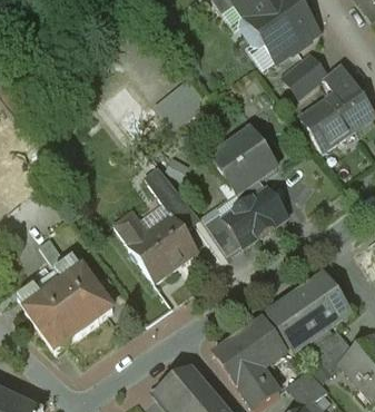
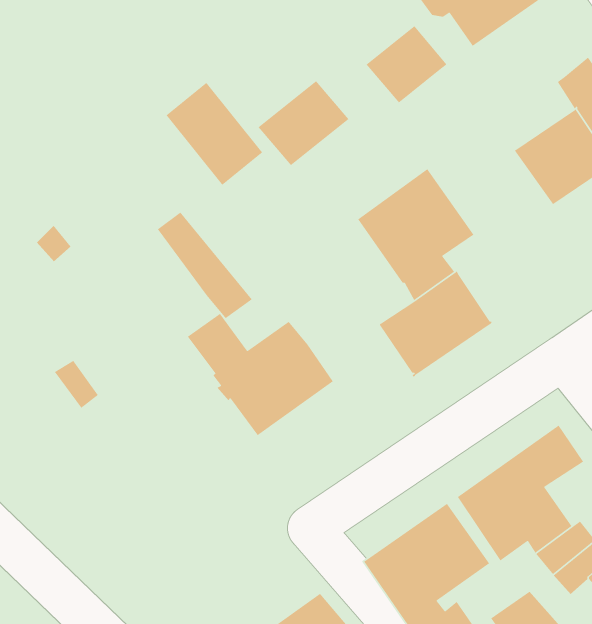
building: [282,53,328,98] -> [365,25,448,104]
building: [144,167,198,228] -> [157,211,253,319]
building: [204,210,241,255] -> none
building: [17,255,112,351] -> none

